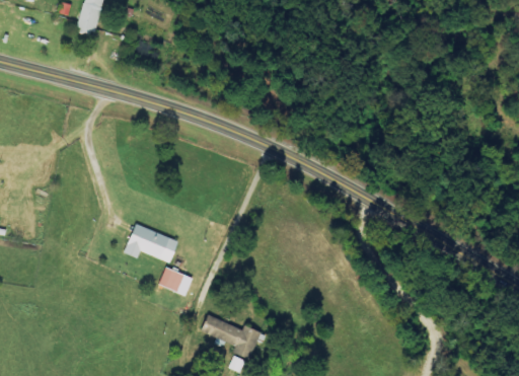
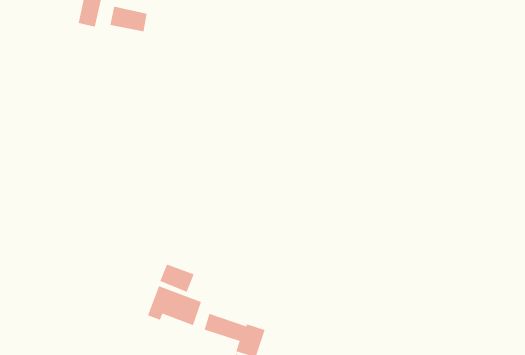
building: none -> [110,6,147,32]
building: [124,223,177,262] -> [147,285,202,326]

